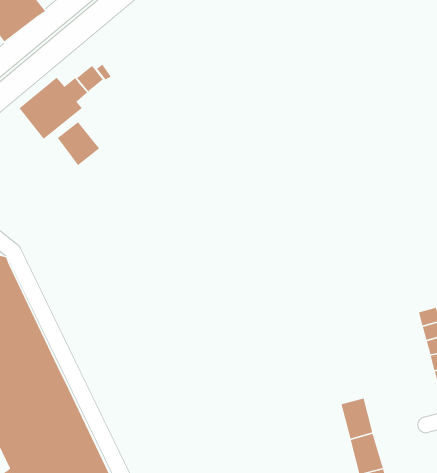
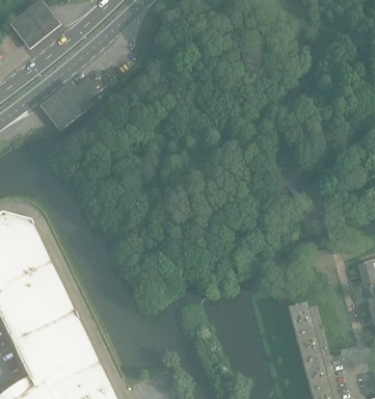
building: [57,121,100,166] -> none
building: none -> [287,302,314,336]

